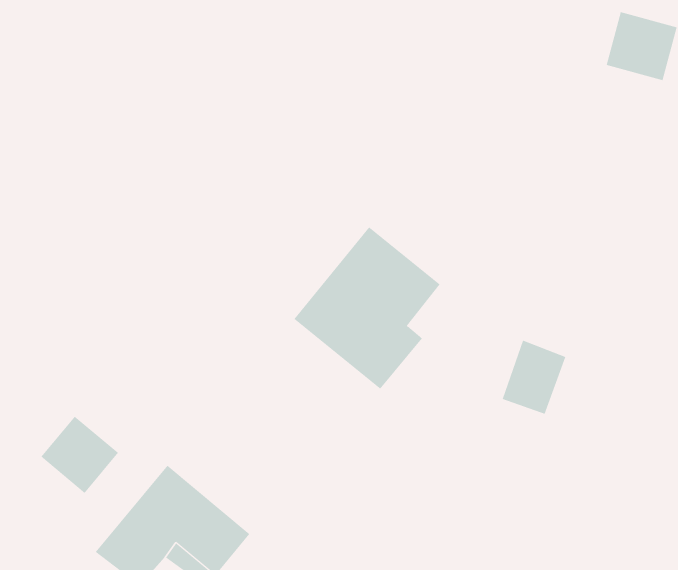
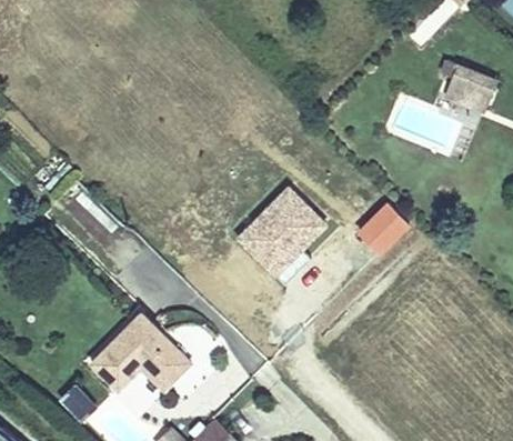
building: [502,340,566,415] -> [362,201,405,250]
building: [41,416,119,494] -> none

